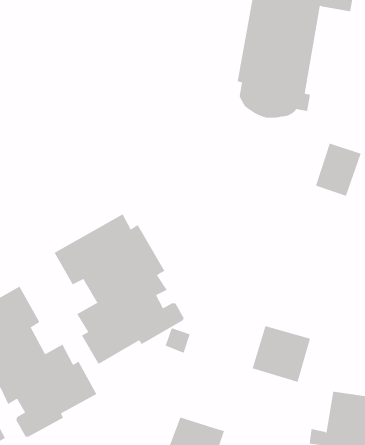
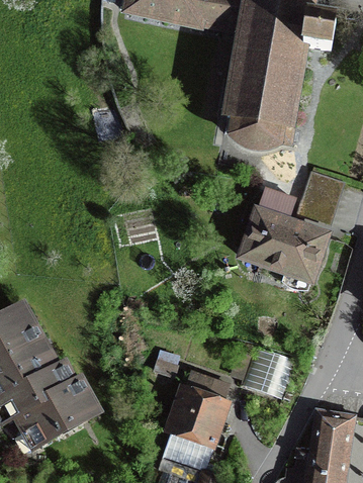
building: none -> [243,190,325,290]
building: [54,214,184,365] -> none
building: none -> [172,374,230,444]

